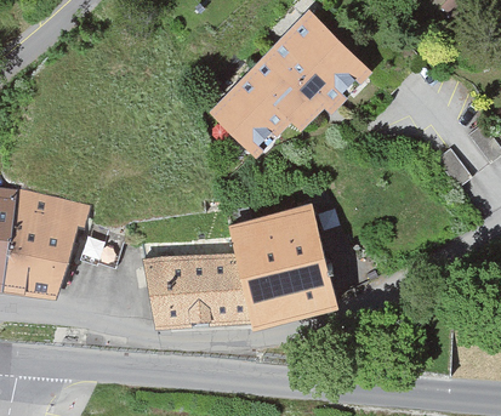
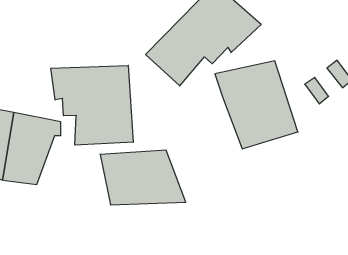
building: none -> [51,65,133,145]
building: [226,199,343,324] -> [215,61,298,149]

